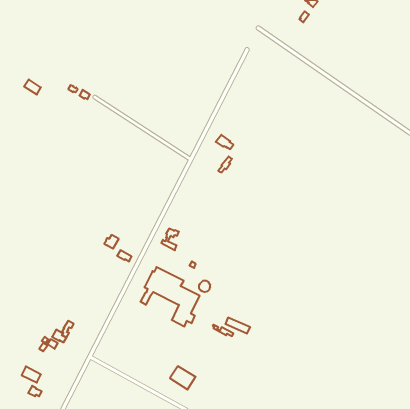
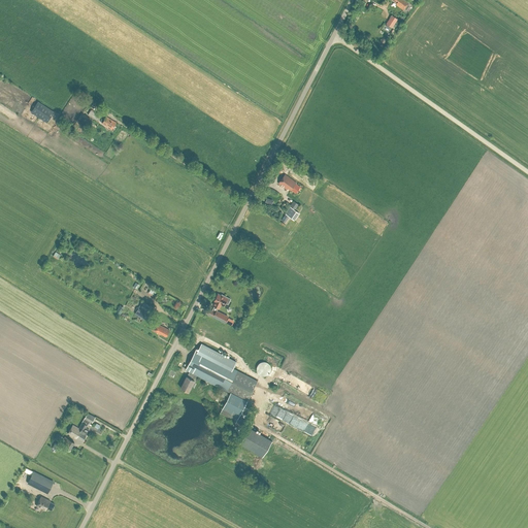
building: [170,366,196,390] -> [239,428,272,458]

